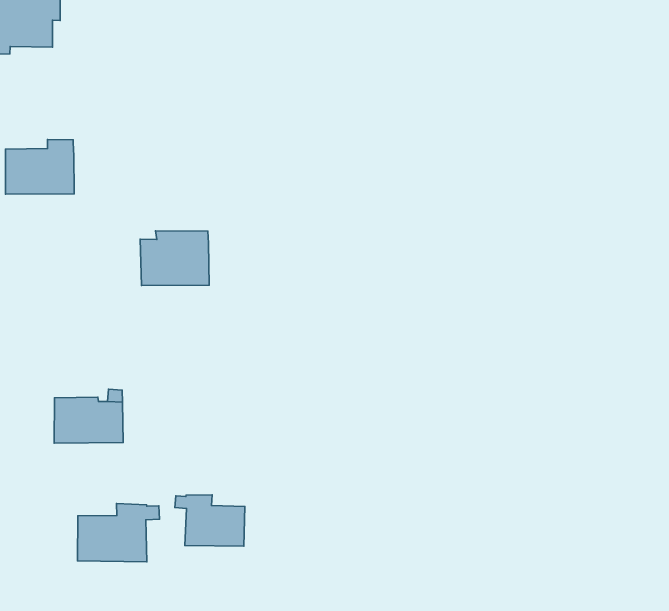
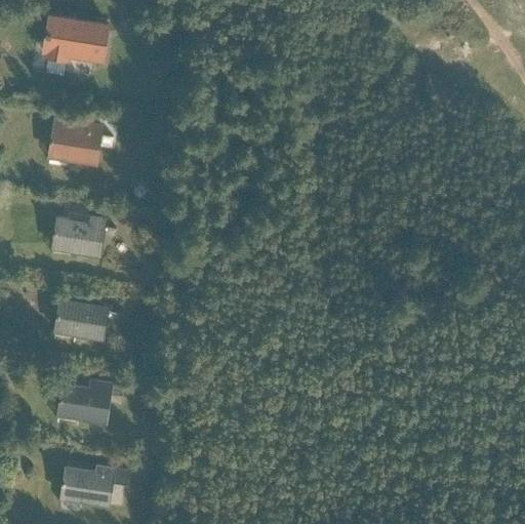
building: [140,231,209,285] -> [53,213,105,256]
building: [175,495,245,546] -> none

